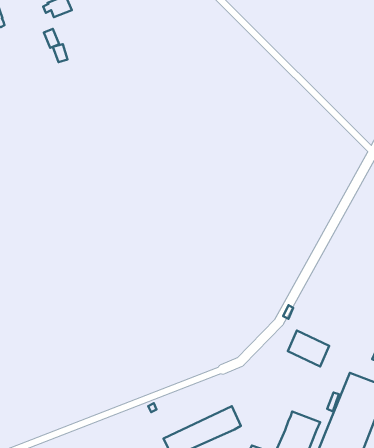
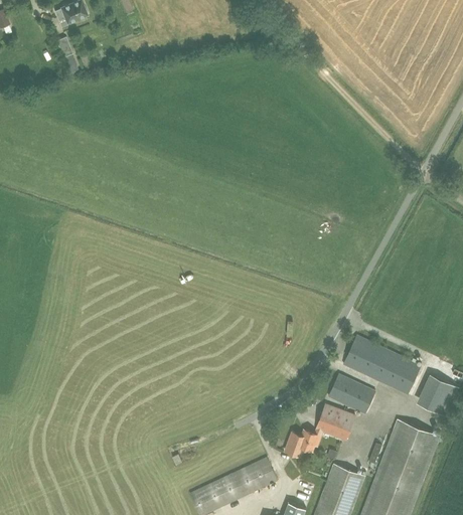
building: none -> [342,335,420,394]
building: none -> [284,404,354,456]

